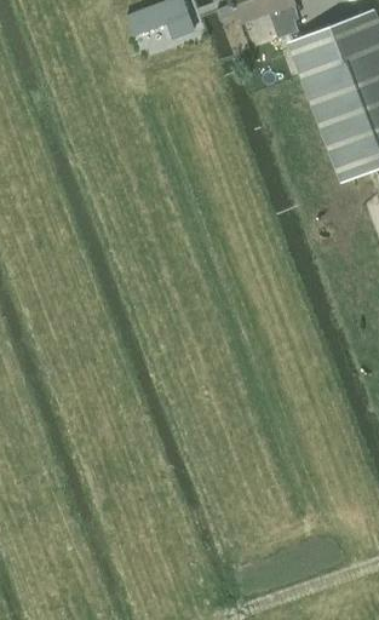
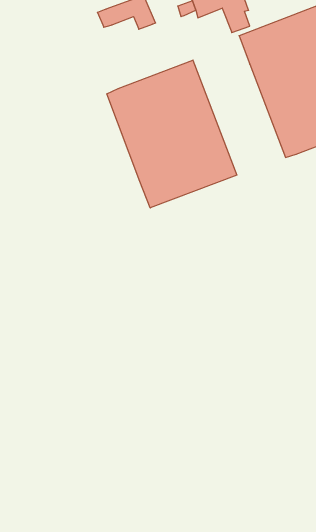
building: none -> [107,60,237,208]

